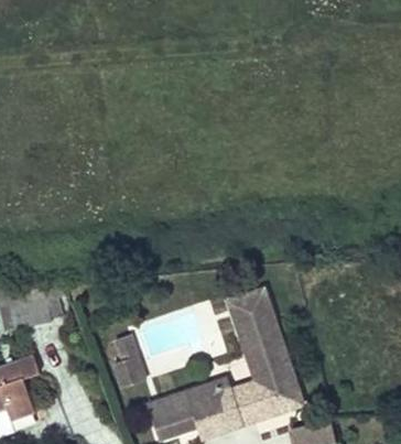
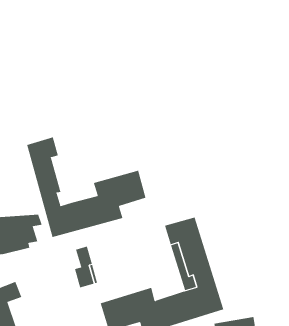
building: none -> [27,136,146,238]

